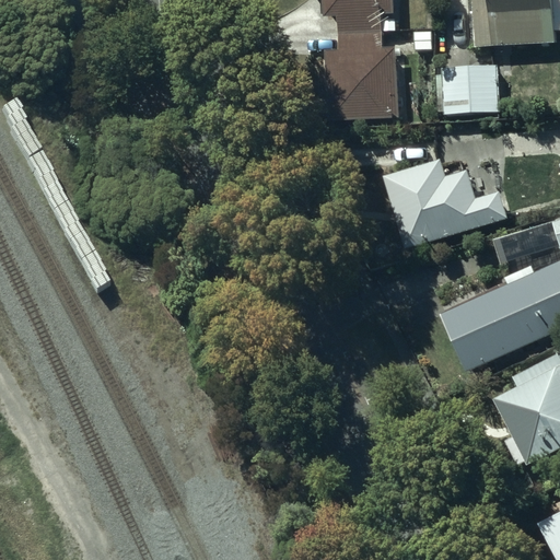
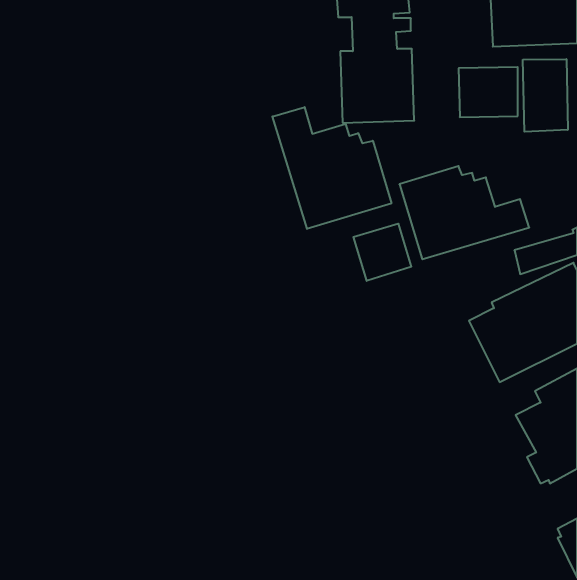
building: none -> [523,59,568,132]
building: none -> [272,107,391,229]
building: none -> [353,224,411,281]

